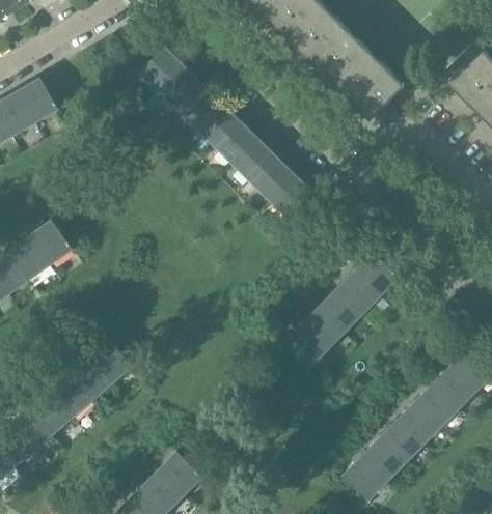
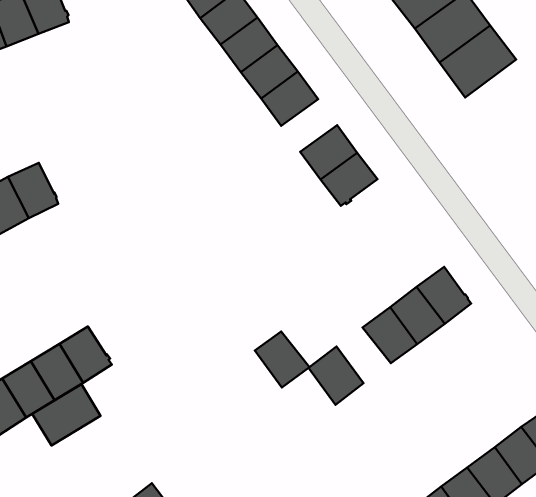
building: [231,138,274,180] -> none
building: [300,307,344,349] -> [255,332,310,387]
building: none -> [32,384,101,446]

